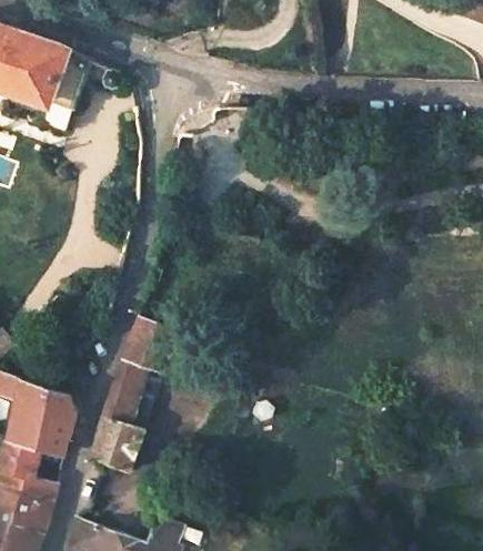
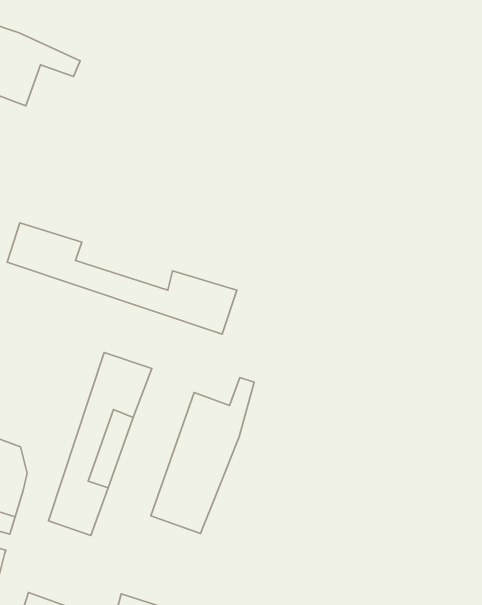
building: none -> [7,223,237,334]
building: none -> [151,378,254,533]

